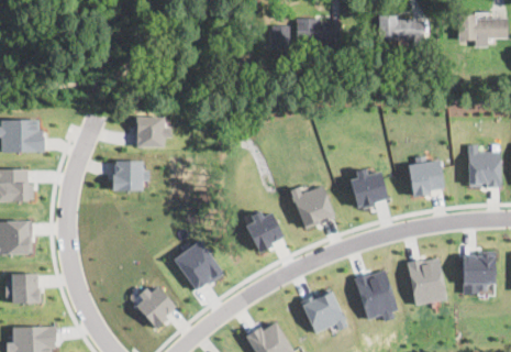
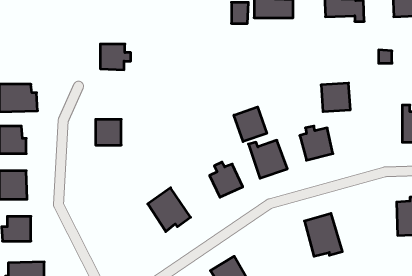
building: [136,118,171,147] -> [100,44,131,70]
building: none -> [234,107,267,142]
building: [409,161,443,194] -> [321,83,350,112]
building: [407,256,447,306] -> none
building: [136,287,176,328] -> none
building: [301,288,347,333] -> none

